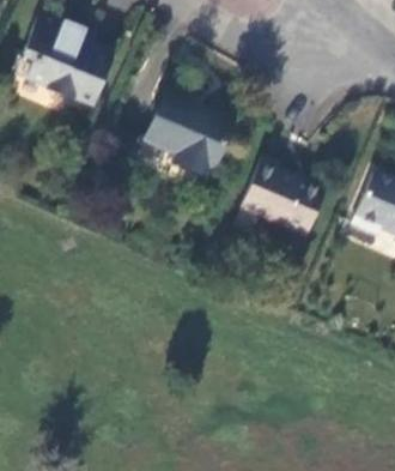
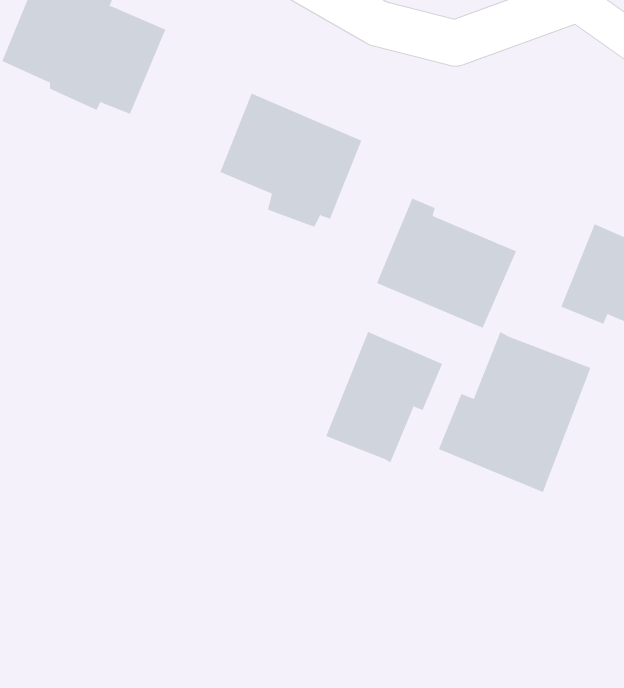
building: none -> [438,331,591,493]
building: none -> [326,331,443,463]

